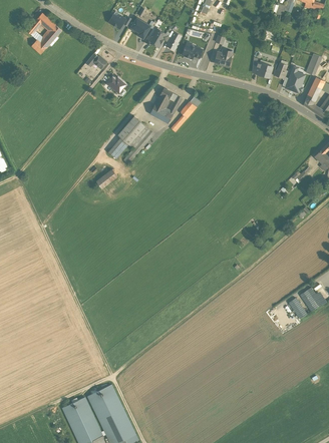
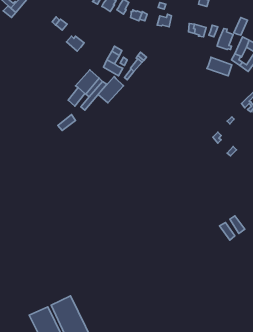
building: none -> [207,57,232,76]
building: none -> [98,77,124,103]

